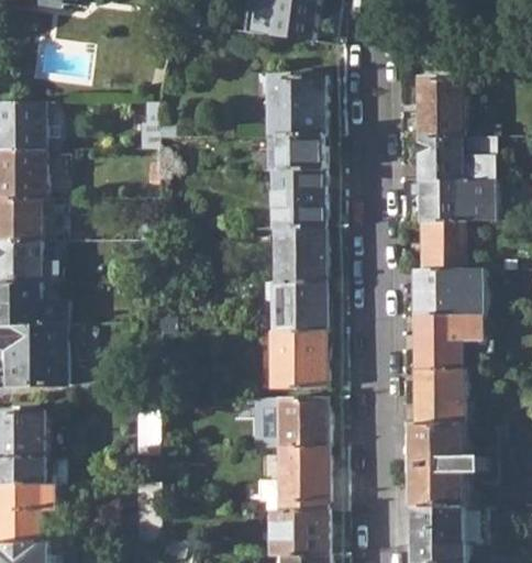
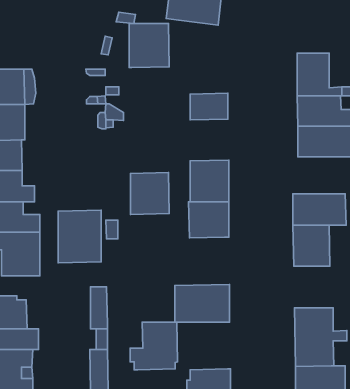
building: [268,76,323,136] -> [129,23,169,68]
building: [271,170,324,228] -> [131,173,169,214]
building: [419,222,462,273] -> none
building: none -> [58,210,101,263]
building: [268,332,324,388] -> none
building: [413,372,465,429] -> none
building: [262,449,326,514] -> [130,322,178,370]

